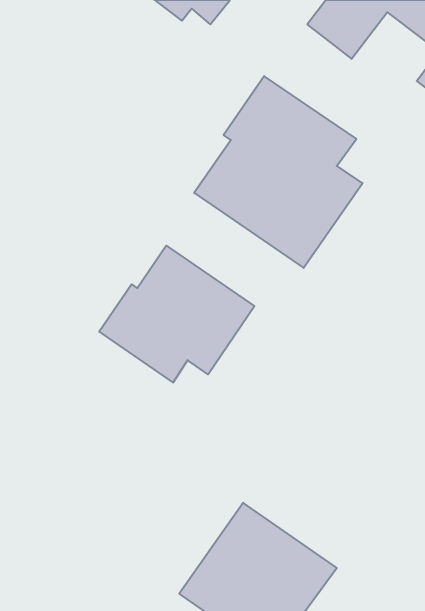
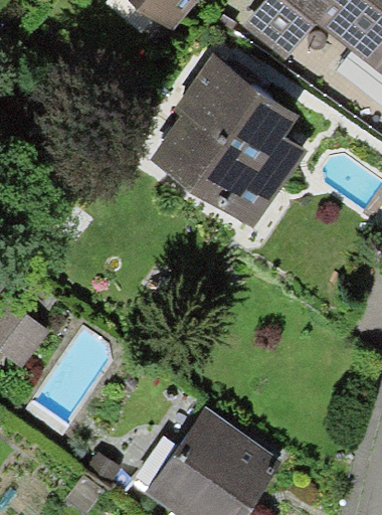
building: [99,246,254,383] -> none

